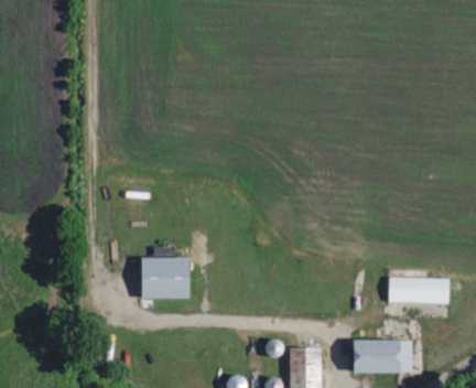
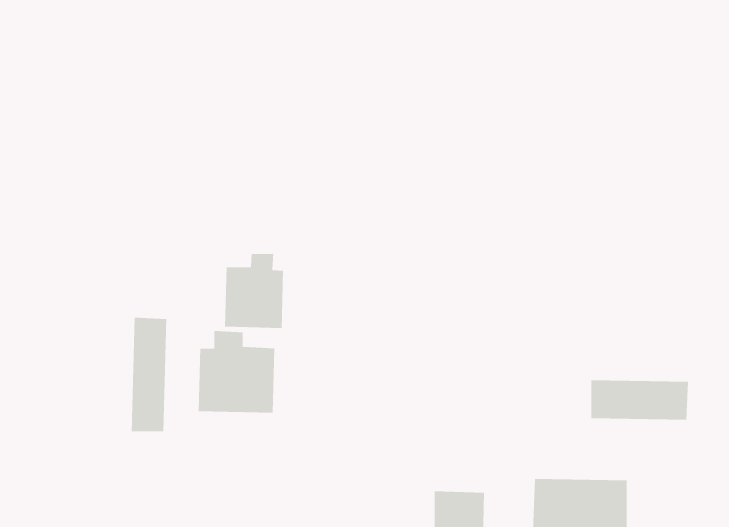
building: none -> [225,253,284,329]
building: none -> [131,317,167,432]

